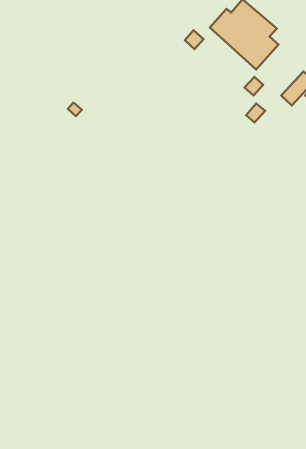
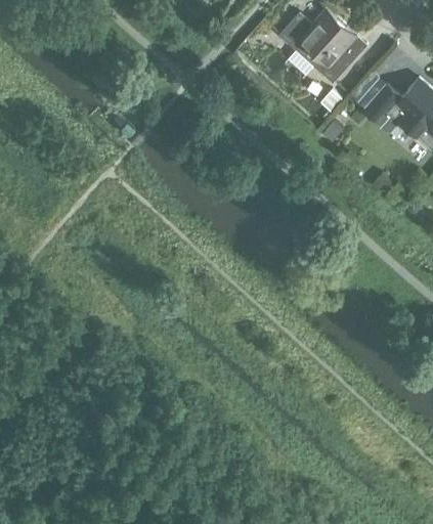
building: none -> [351,75,387,111]

